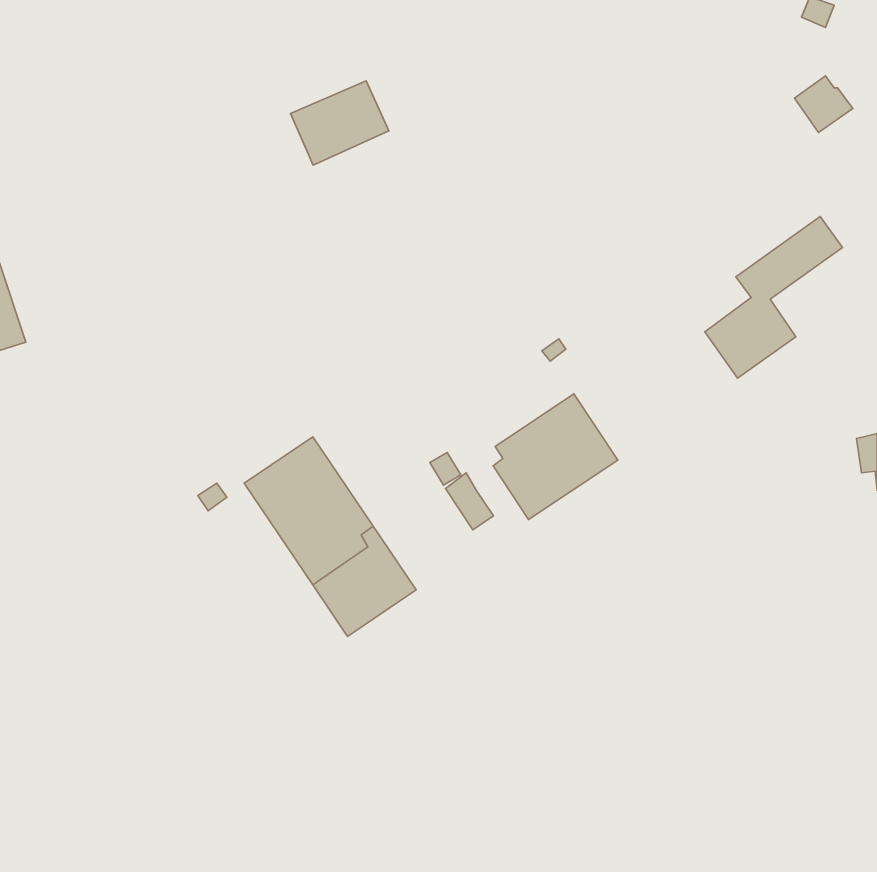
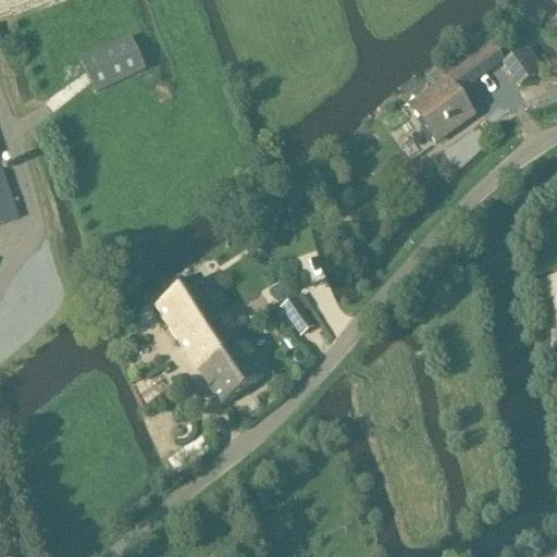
building: [291,81,389,165] -> [81,36,143,89]
building: [705,217,842,378] -> [412,38,499,140]
building: [493,394,618,519] -> none

